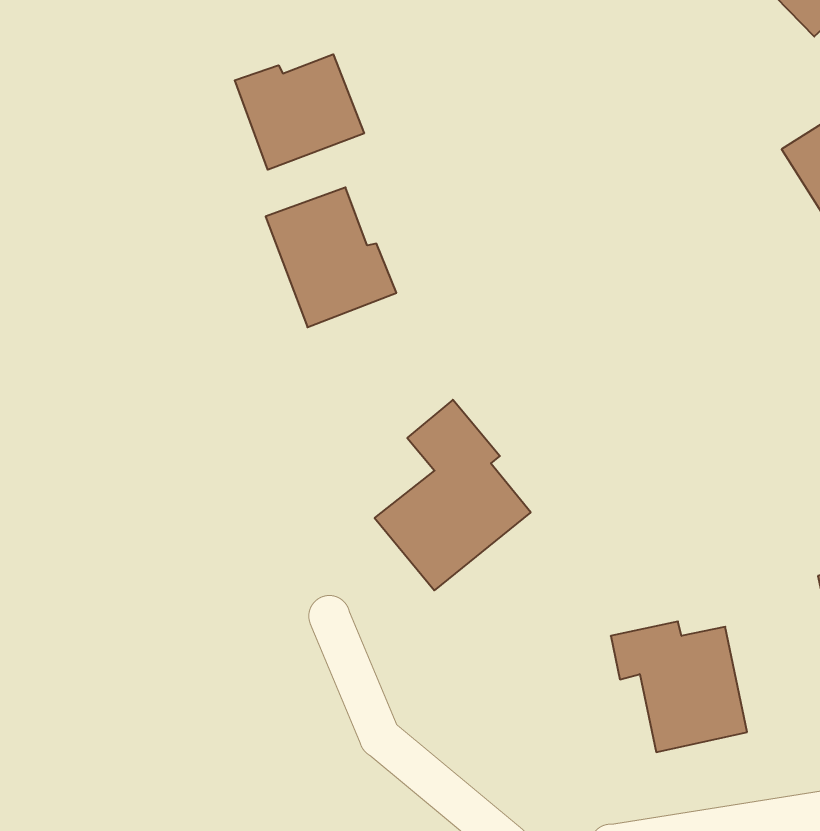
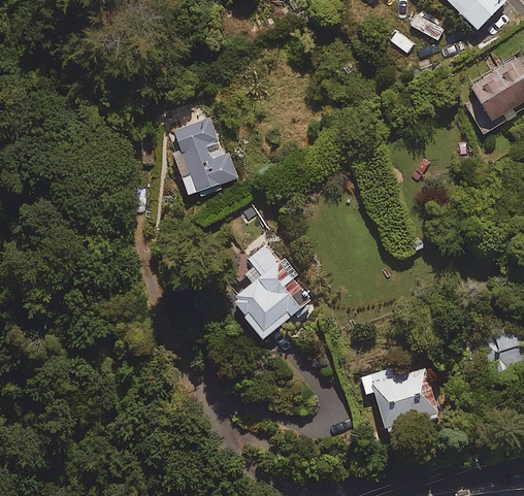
building: [235,54,364,170] -> none

